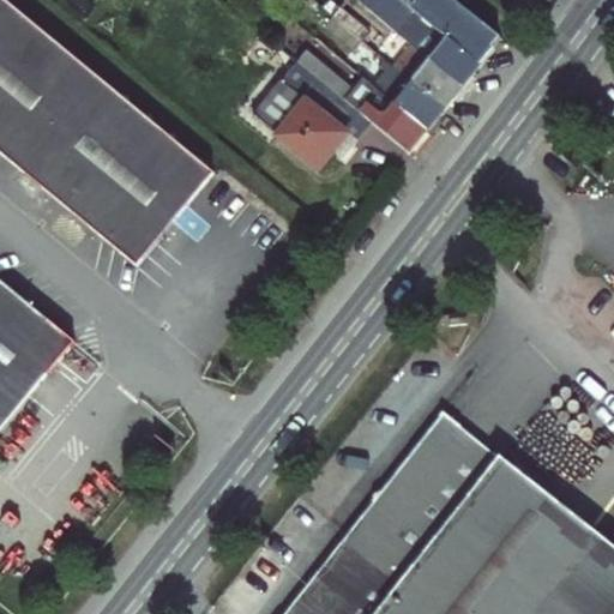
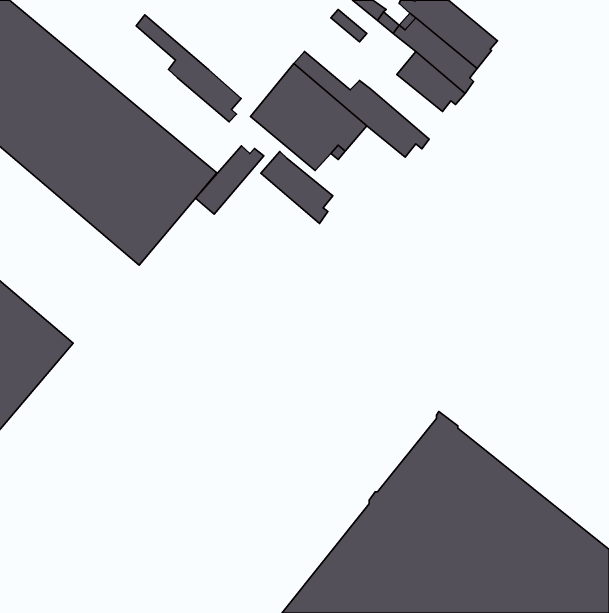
building: none -> [136,15,241,122]
building: [371,67,443,139] -> [261,151,333,223]
building: none -> [196,146,264,214]

